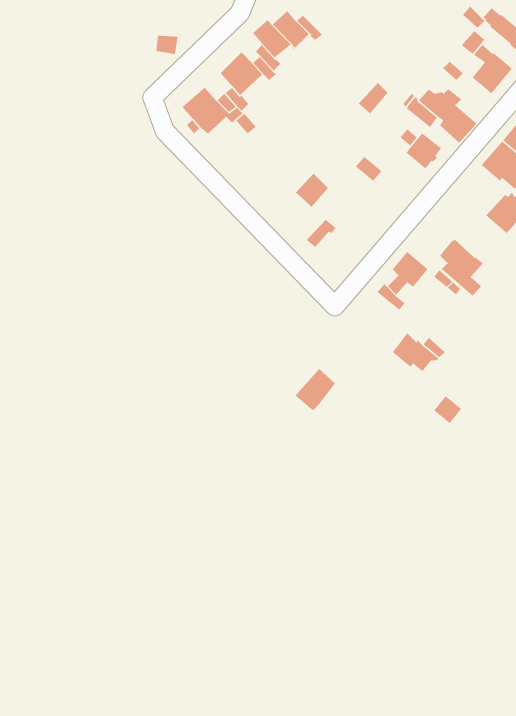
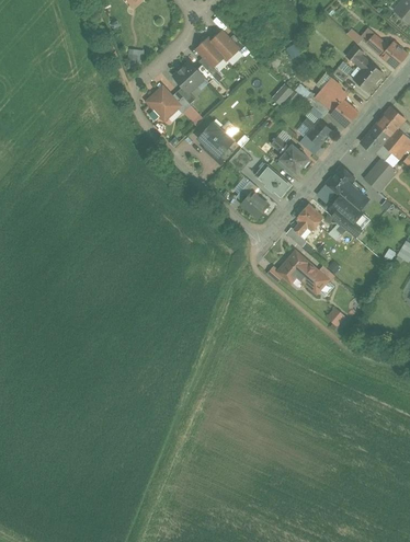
building: none -> [198,124,231,162]
building: none -> [280,145,309,173]
building: none -> [252,162,291,198]
building: none -> [326,166,364,208]
building: none -> [239,191,269,219]
building: [294,368,336,411] -> [277,251,307,281]

